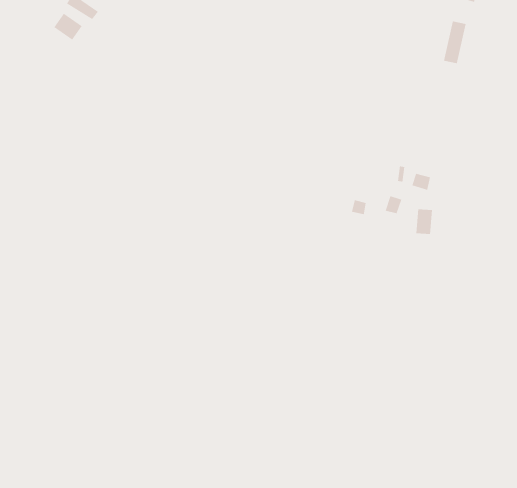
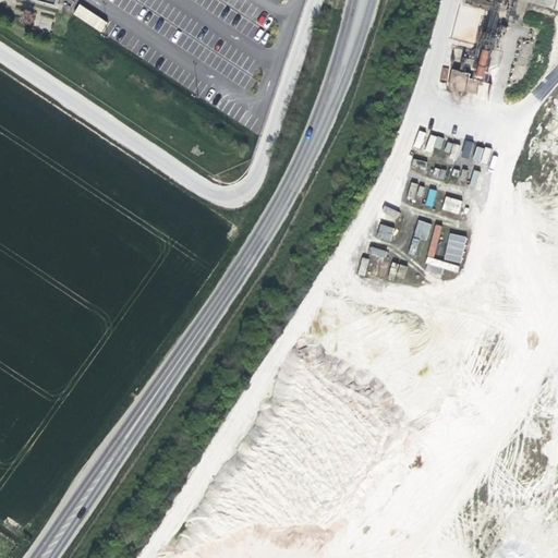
building: [53,13,82,41] -> none

